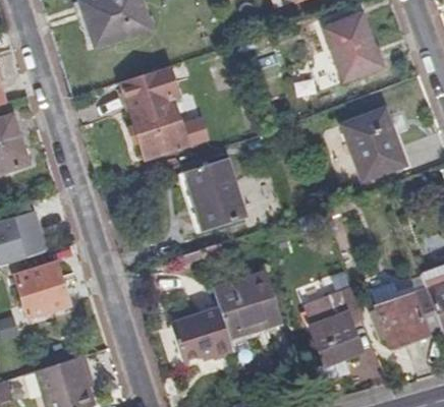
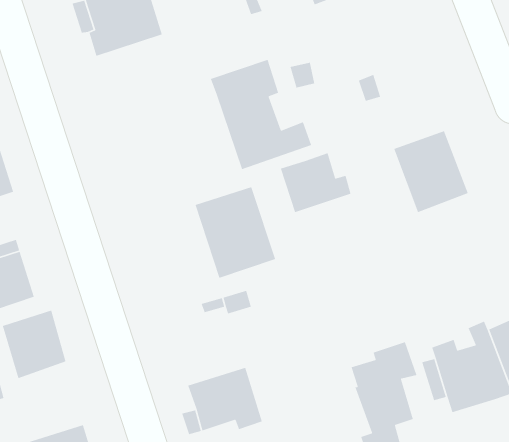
building: [323,12,381,79] -> none
building: [122,65,208,158] -> [210,59,312,170]
building: none -> [280,152,352,213]
building: [215,273,282,353] -> none

